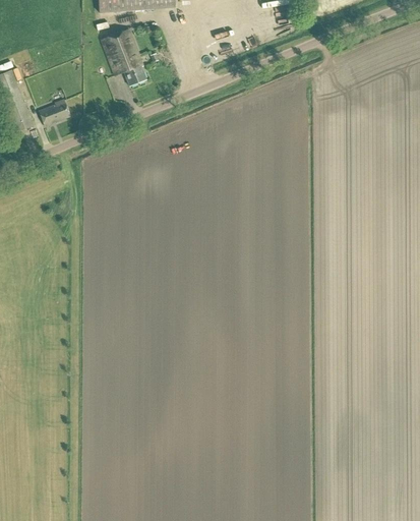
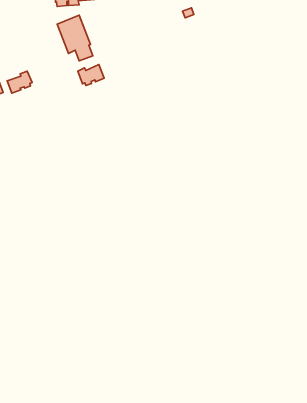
building: none -> [78,65,104,85]

